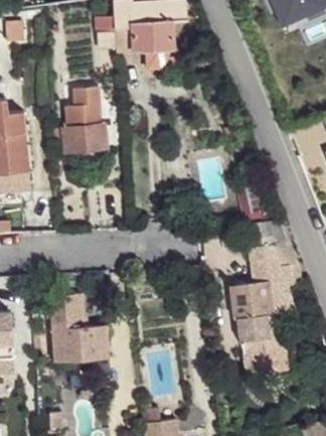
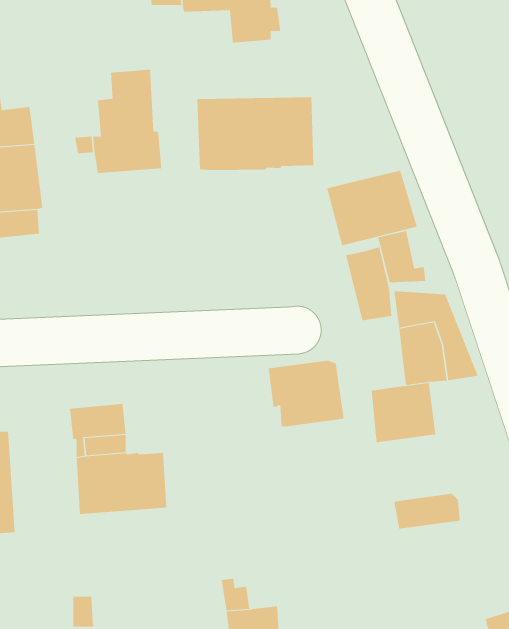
building: none -> [197,97,314,171]
building: none -> [327,170,417,246]
building: none -> [346,246,392,321]
building: [236,313,284,354] -> [268,360,345,427]

